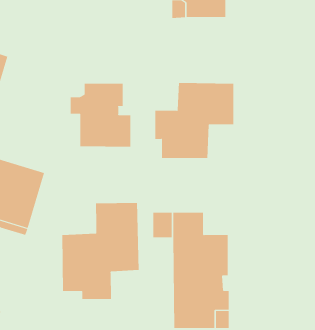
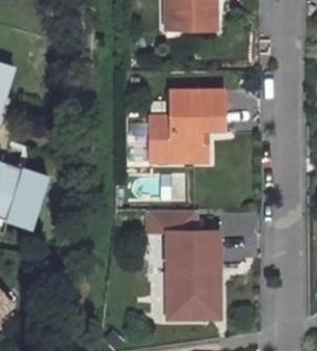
building: [70,83,131,148] -> none
building: [62,202,139,300] -> none

